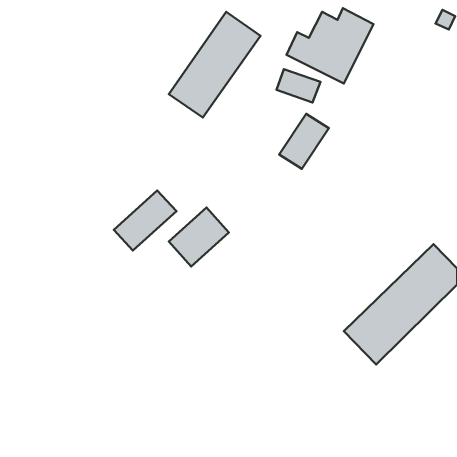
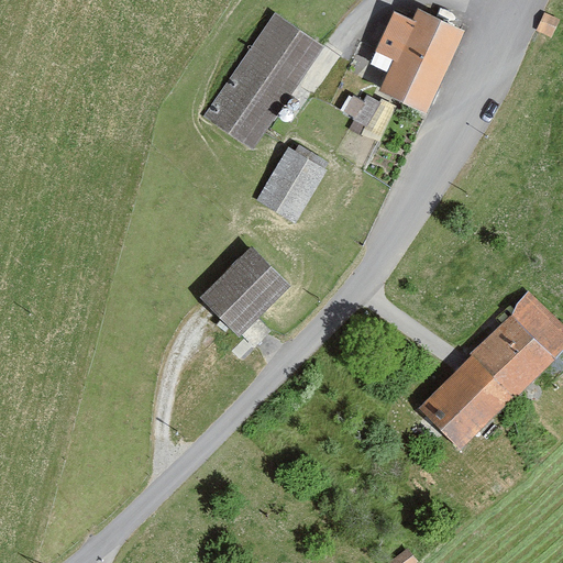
building: [279,114,329,169] -> [261,150,321,217]
building: [114,191,176,251] -> none

